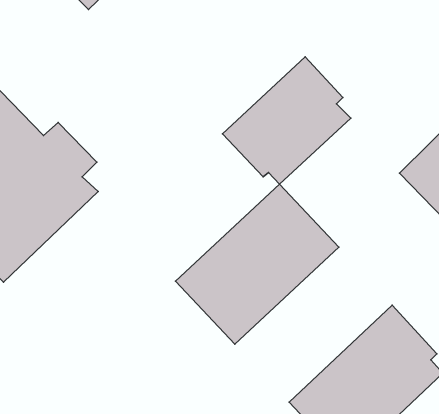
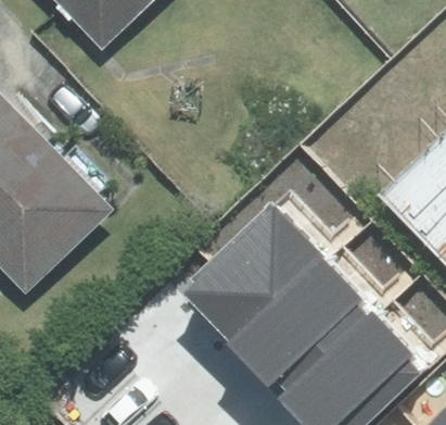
building: [223,57,351,184] -> none
building: none -> [233,260,374,399]

